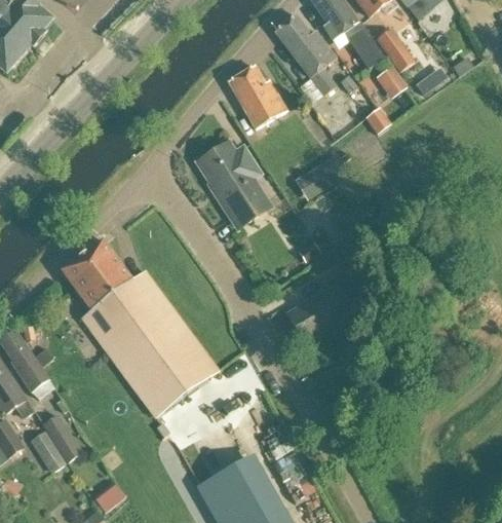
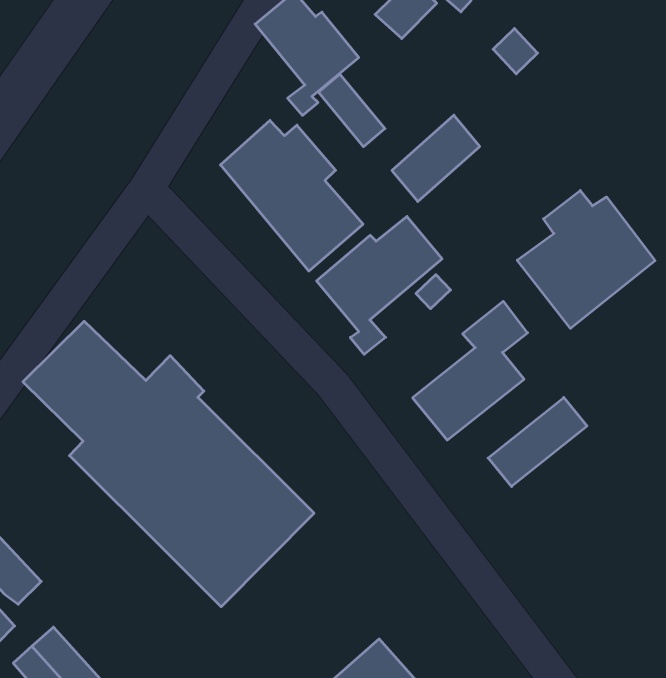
building: none -> [318,74,385,147]
building: none -> [317,216,442,354]
building: none -> [517,190,655,328]
building: none -> [488,397,587,487]

